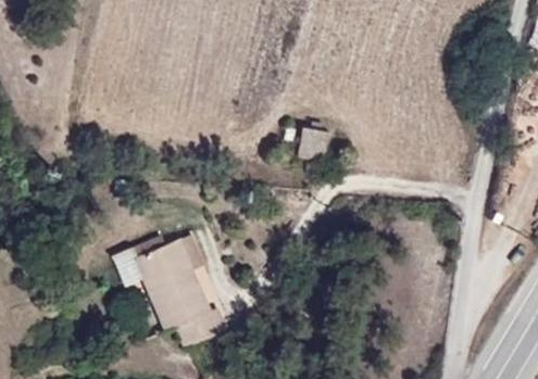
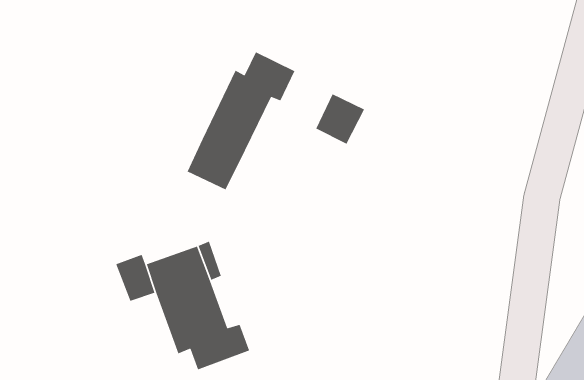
building: none -> [187,51,296,191]

